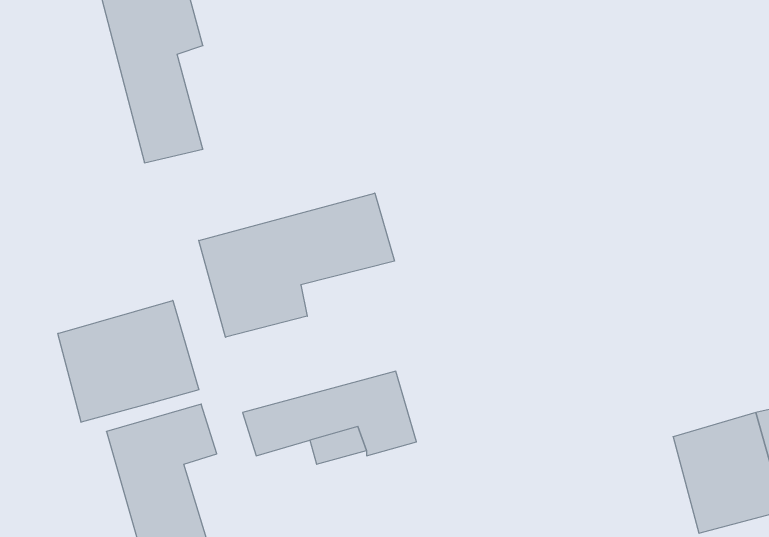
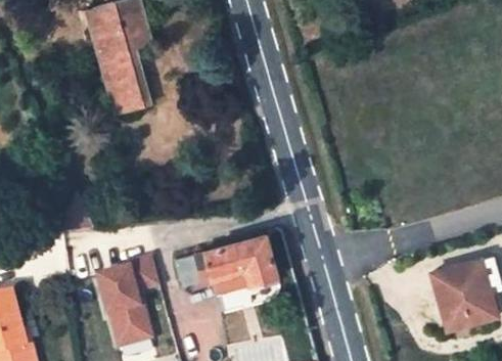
building: [199,193,394,337] -> none
building: [58,300,199,422] -> none

